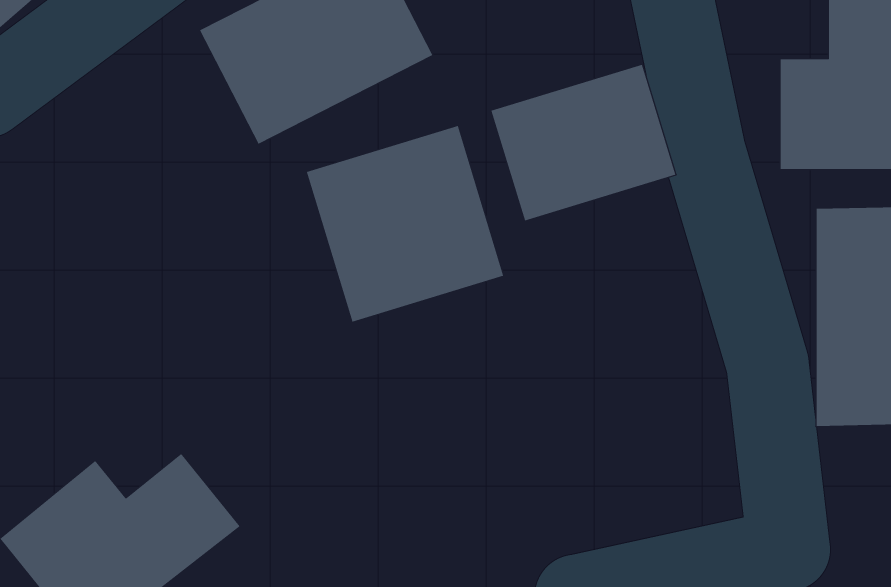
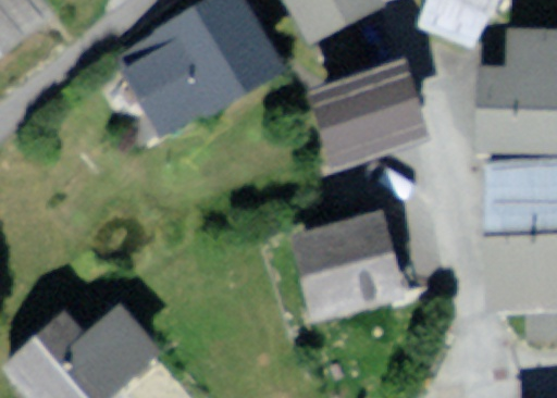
building: [306,125,504,323] -> none
building: none -> [301,216,398,306]

